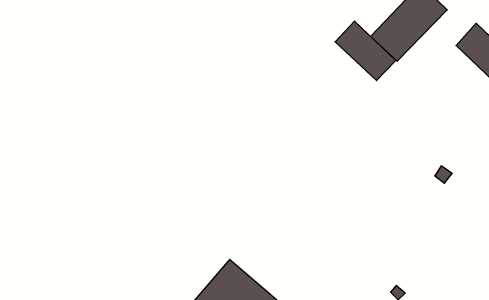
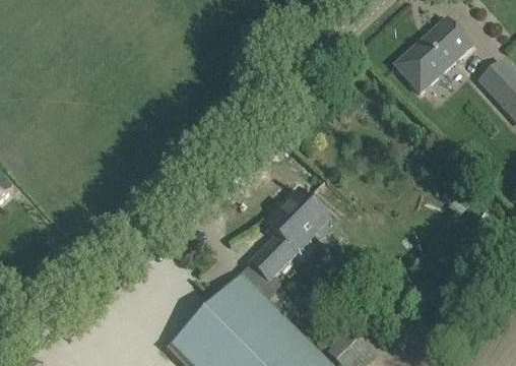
building: [335,21,396,81] -> none
building: none -> [241,188,328,300]

